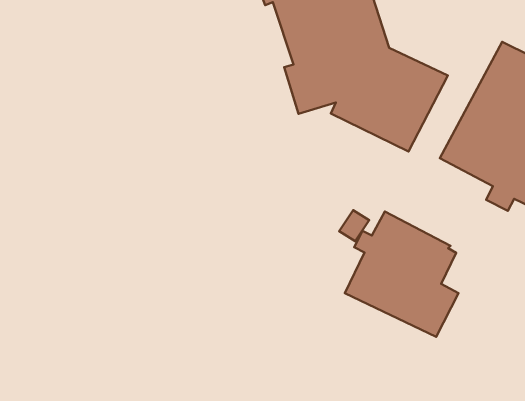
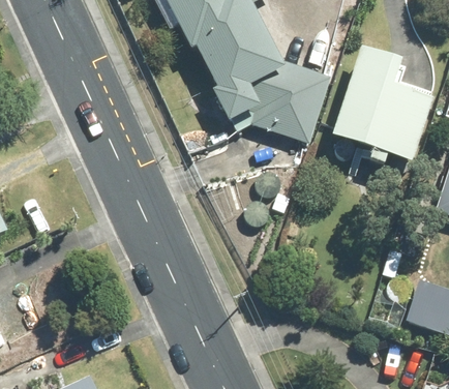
building: [345,211,459,337] -> none

